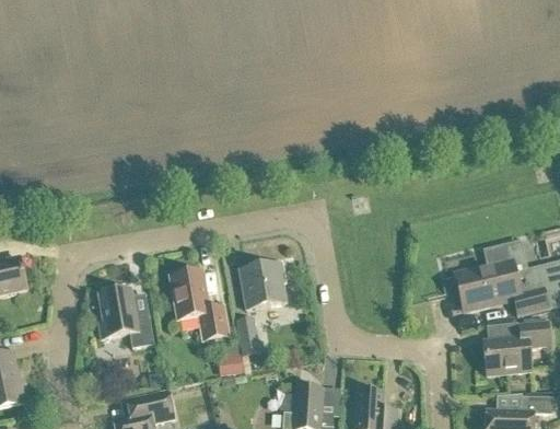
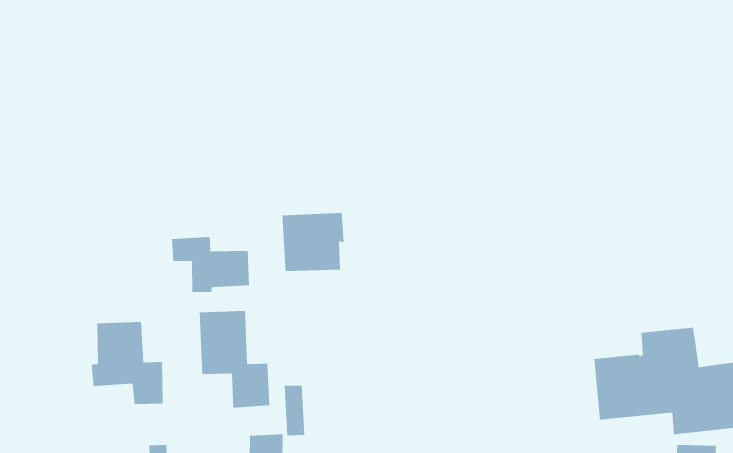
building: none -> [172,236,249,293]
building: [238,262,285,309] -> [281,213,345,272]

